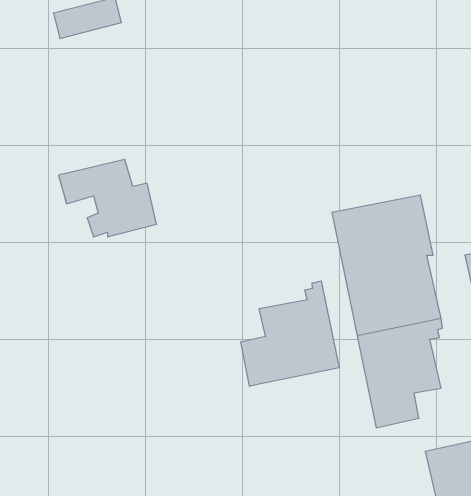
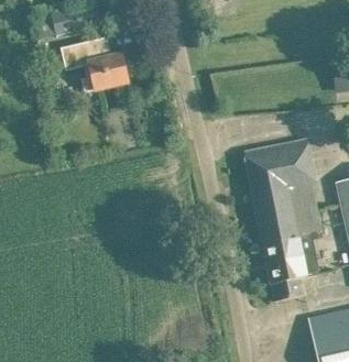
building: [59,159,157,237] -> [58,36,127,90]
building: [241,281,339,386] -> none

